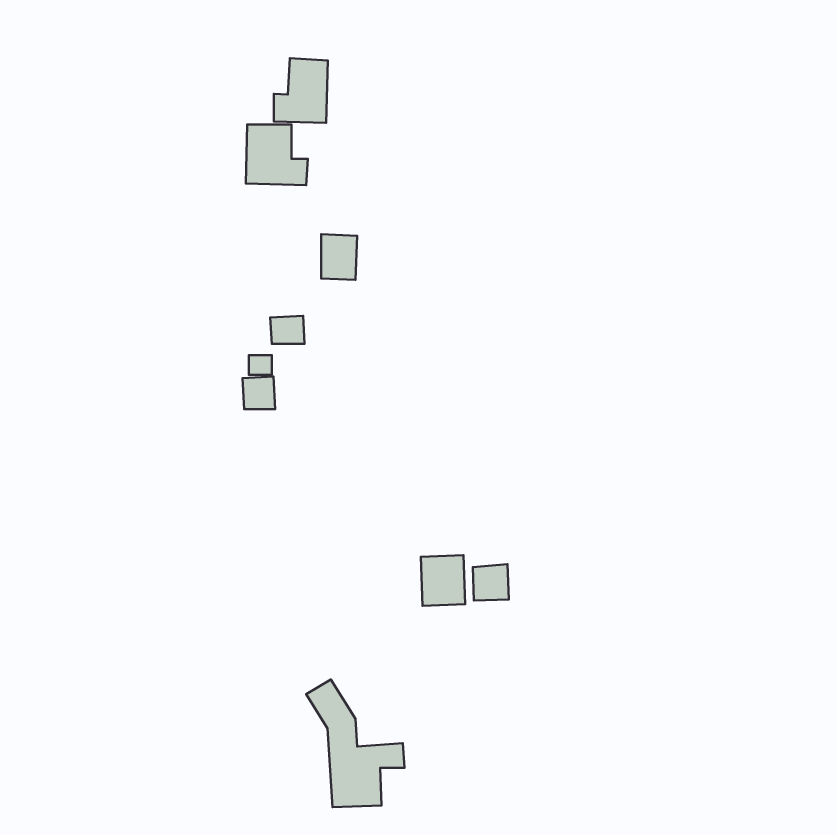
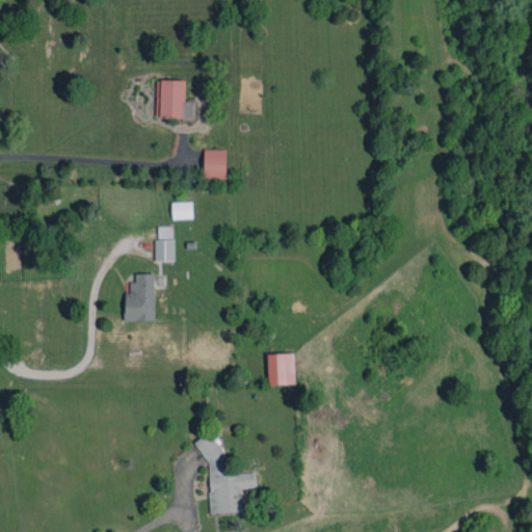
building: [274,58,328,123] -> none
building: none -> [124,274,154,321]
building: [473,564,509,601] -> none

